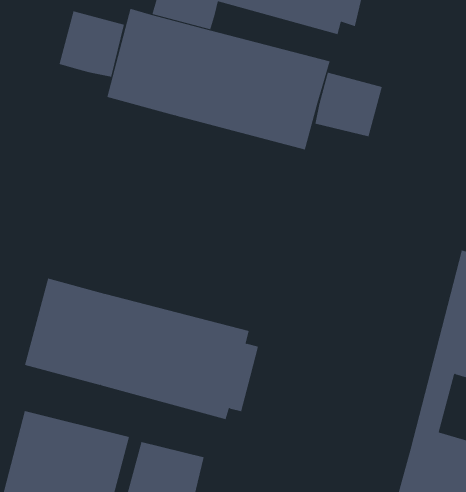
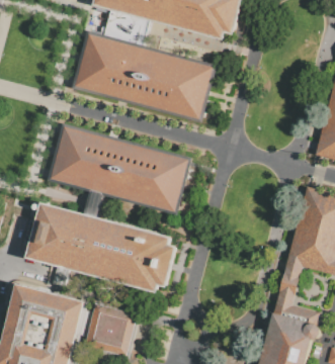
building: [59,11,124,78] -> none
building: [315,72,382,137] -> none
building: none -> [47,123,187,213]

